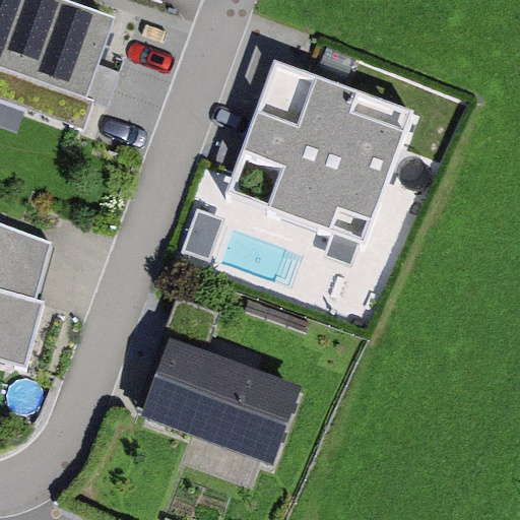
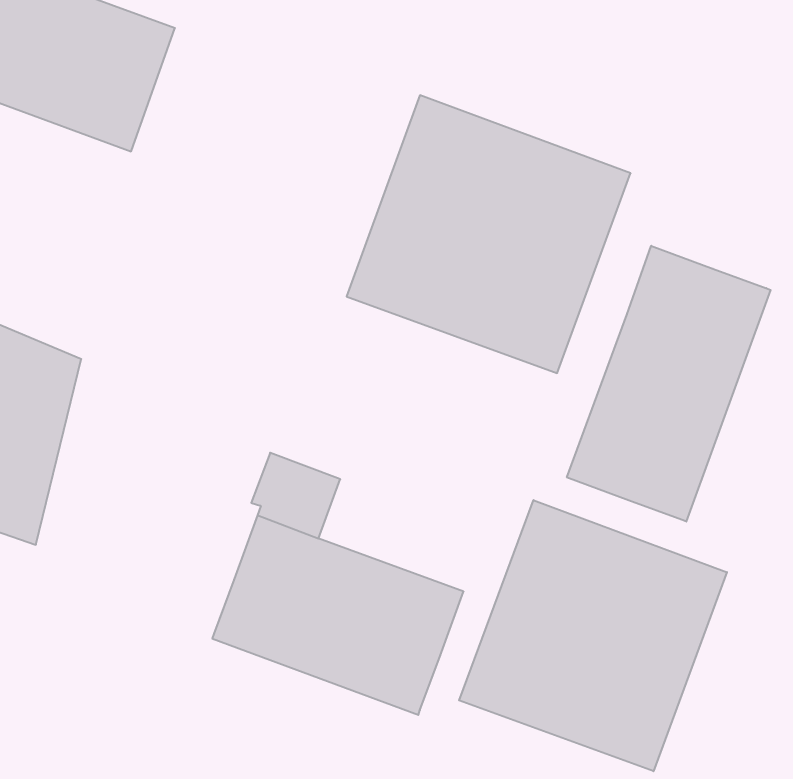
building: none -> [567,246,771,522]
building: none -> [459,500,727,771]

